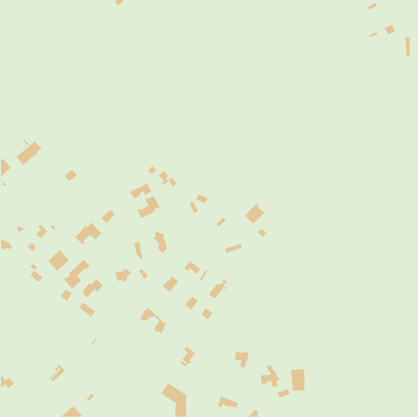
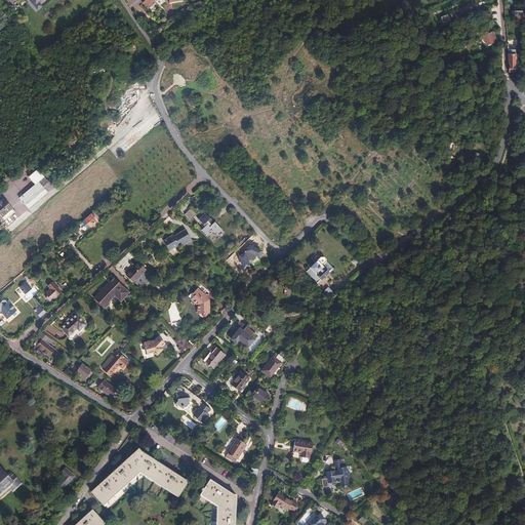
building: [136,195,161,219] -> none
building: [63,259,90,289] -> none
building: none -> [91,449,188,502]
building: [291,368,306,392] -> none

